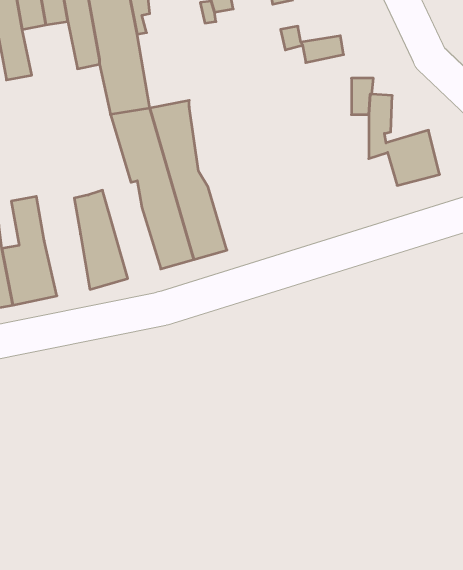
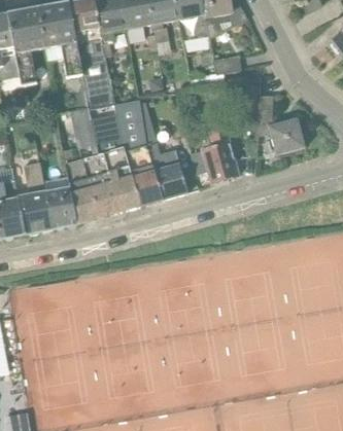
building: none -> [140,101,186,195]
building: none -> [71,107,122,214]
building: none -> [203,124,238,182]
building: none -> [45,185,75,225]

